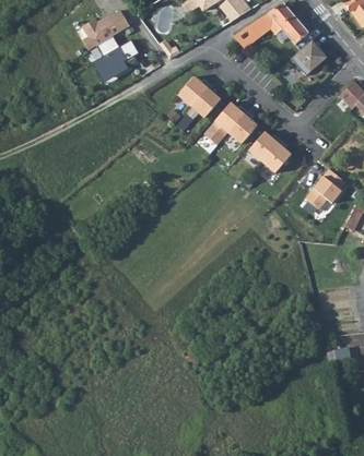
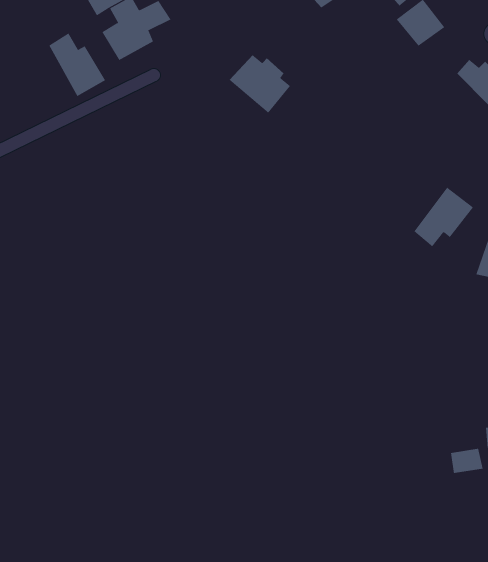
building: none -> [48,32,106,97]
building: [215,103,257,144] -> none
building: [249,132,291,172] -> none

